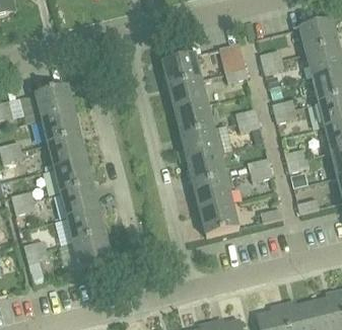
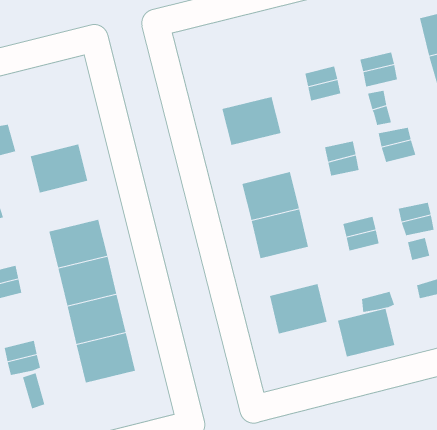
building: [162,53,202,87] -> none
building: [36,85,74,118] -> none
building: [175,103,214,137] -> none
building: [48,135,87,168] -> none
building: [194,178,232,211] -> [337,308,395,357]

